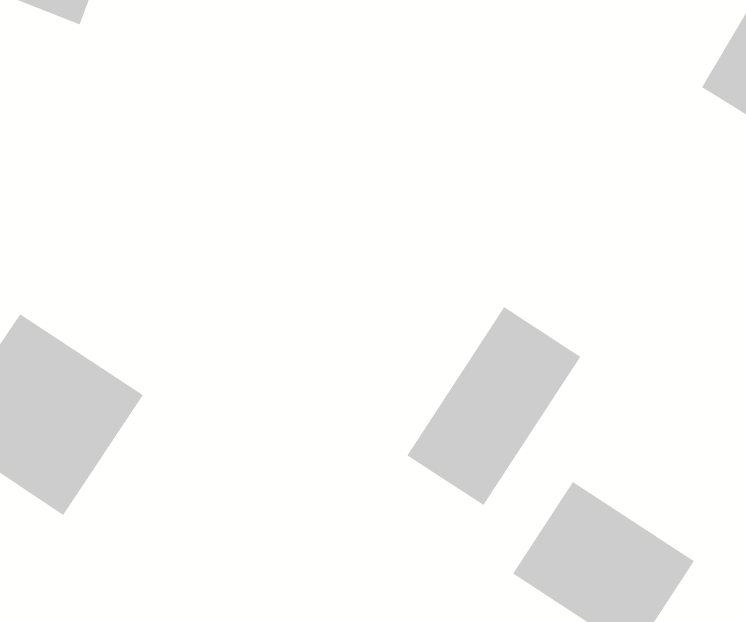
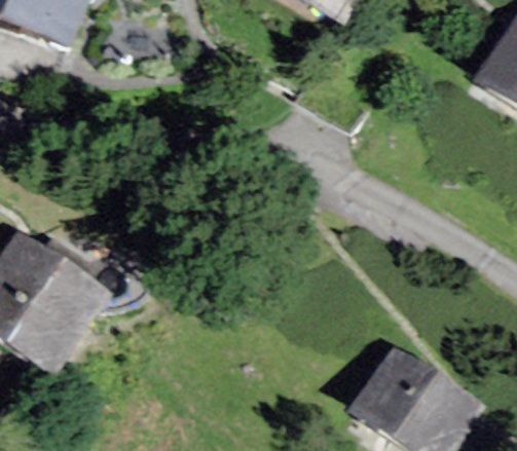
building: [406,306,581,506] -> none

